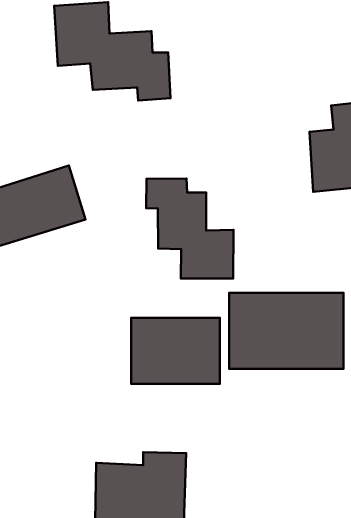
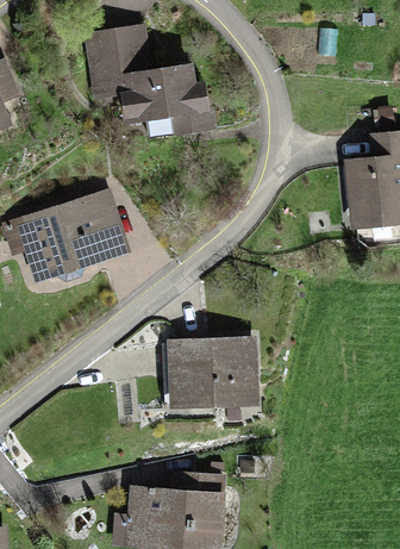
building: [146,178,233,279] -> none
building: [229,293,343,369] -> none

